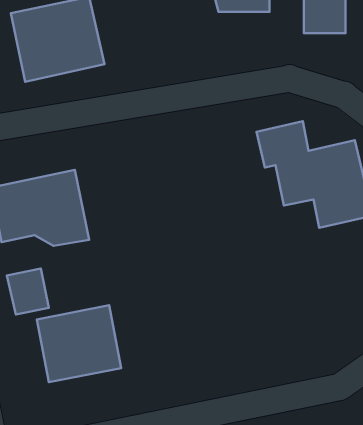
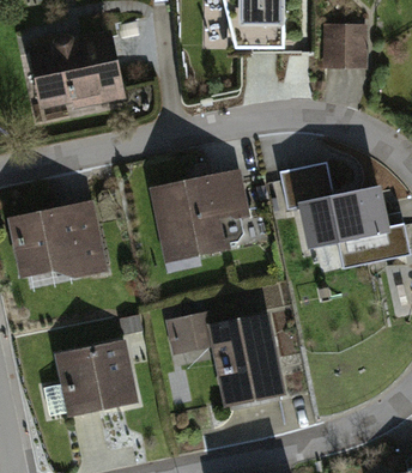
building: none -> [153,170,246,260]
building: [7,268,49,315] -> none
building: none -> [168,310,291,410]

